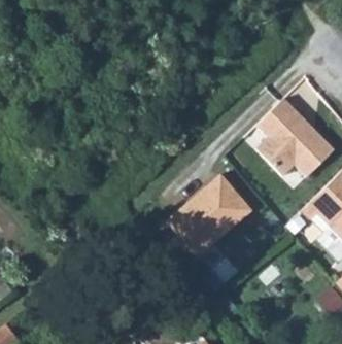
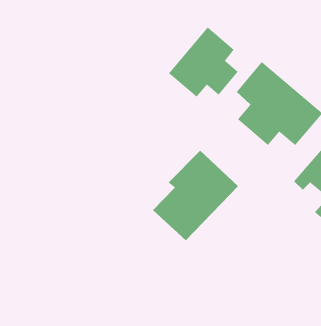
building: none -> [168,27,238,97]

